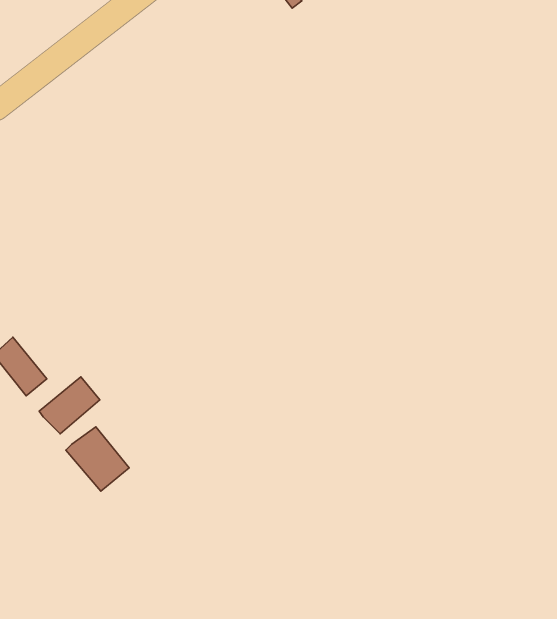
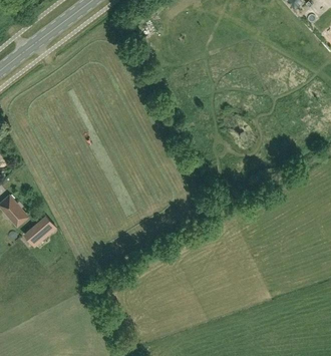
building: [66,427,129,491] -> none

